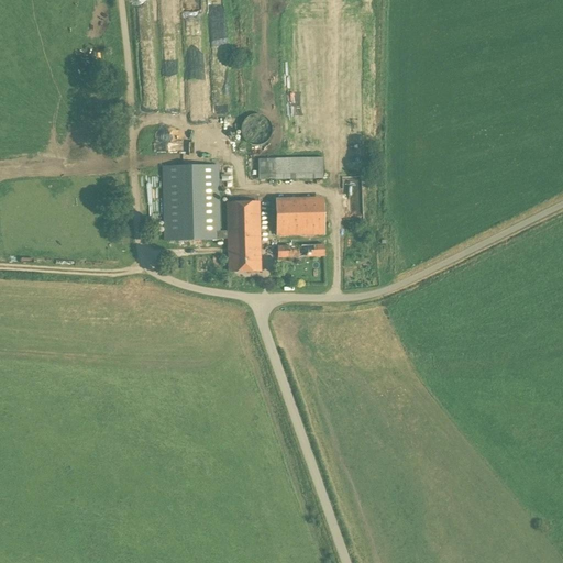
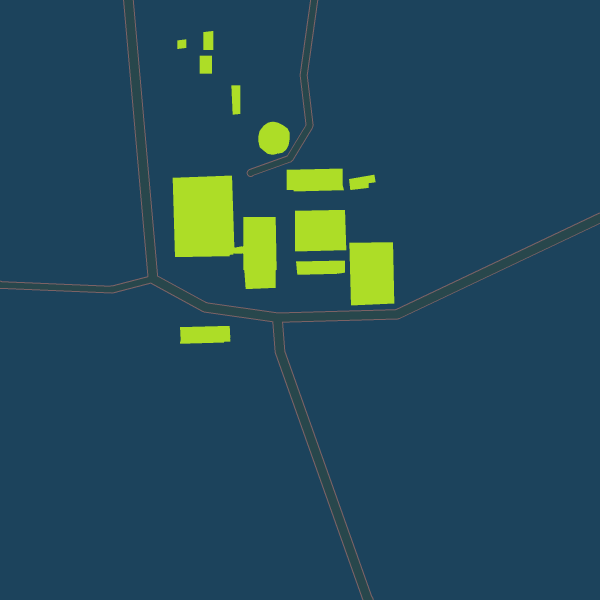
building: none -> [349,241,395,306]
building: none -> [179,325,231,345]

